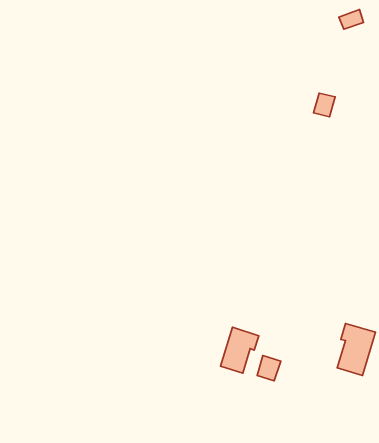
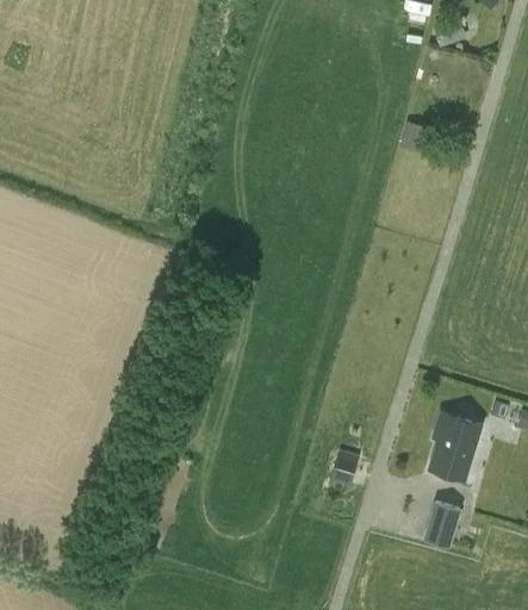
building: [221,327,259,373] -> none
building: none -> [424,500,461,547]

